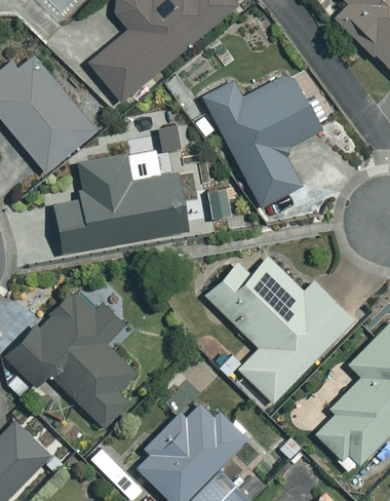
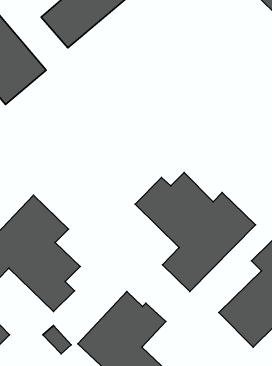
building: [204,74,319,207] -> none
building: [52,149,185,254] -> none

